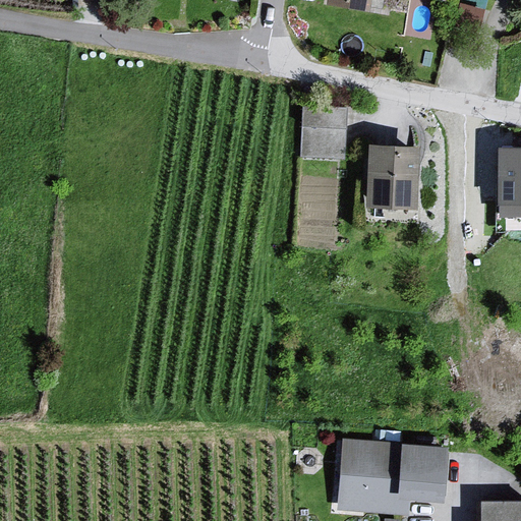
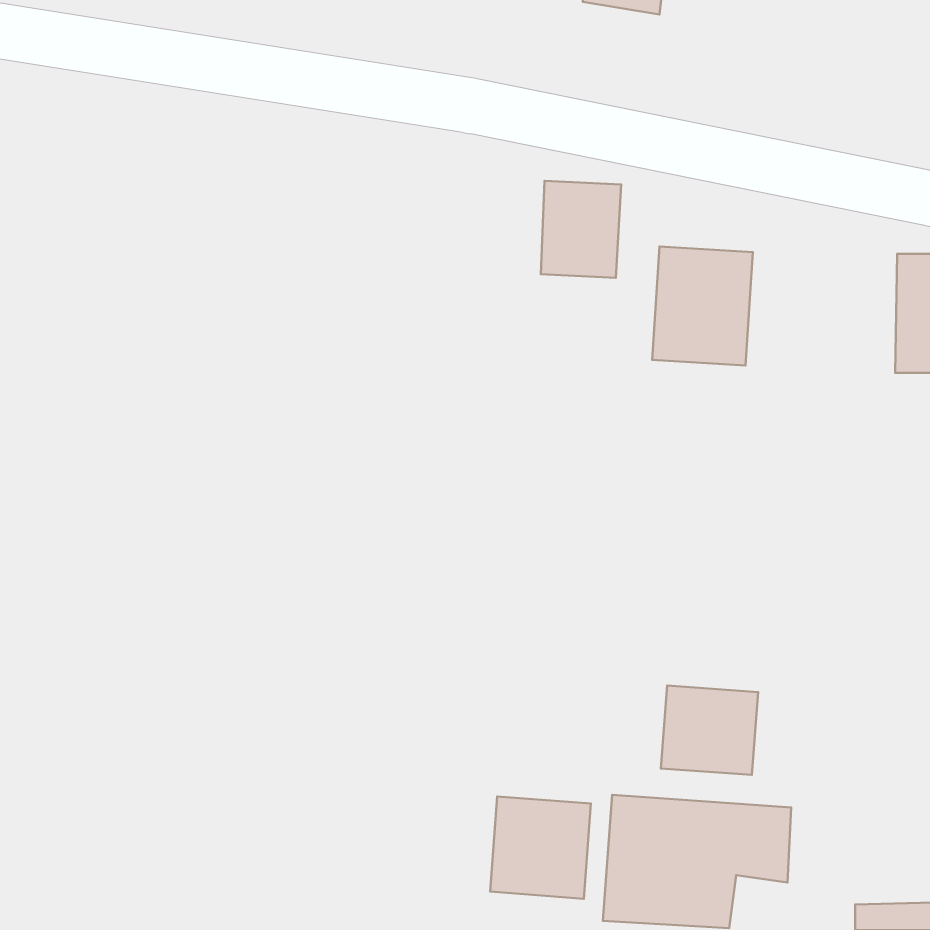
building: none -> [661,686,758,775]
building: none -> [490,796,591,899]

